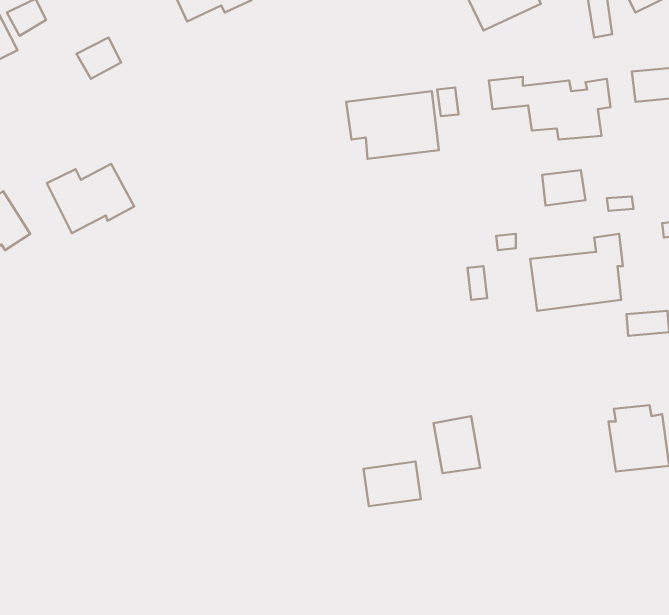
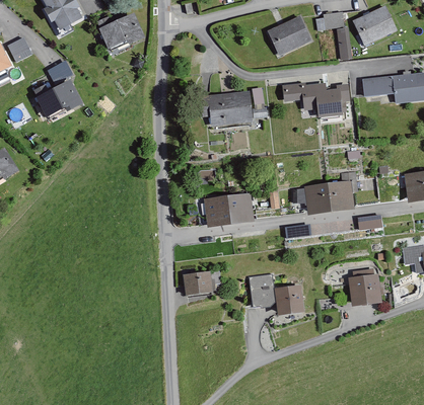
building: [47,164,134,233] -> [32,79,82,118]
building: [542,170,585,205] -> none
building: none -> [203,192,254,227]
building: none -> [275,285,305,315]
building: [364,462,421,506] -> [183,270,215,296]

